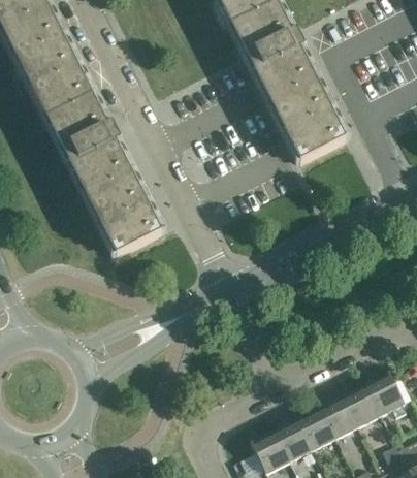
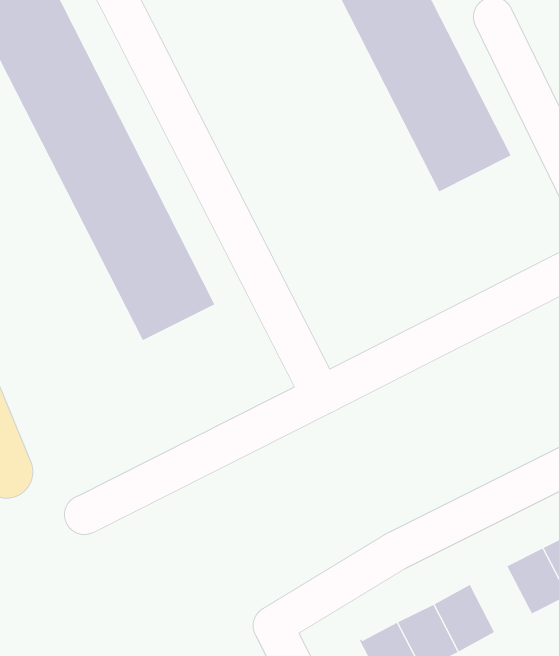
building: [322,396,360,438] -> none

